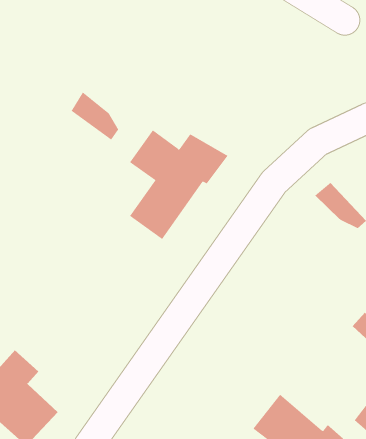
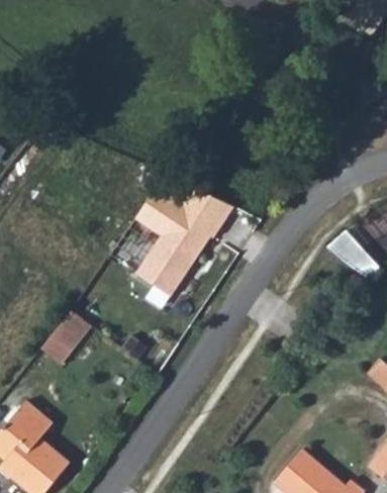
building: [71,92,119,141] -> none
building: none -> [42,308,94,364]

